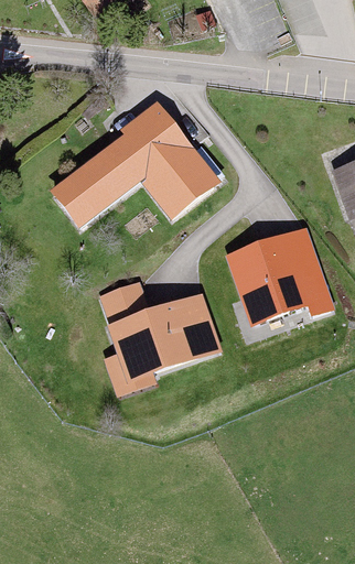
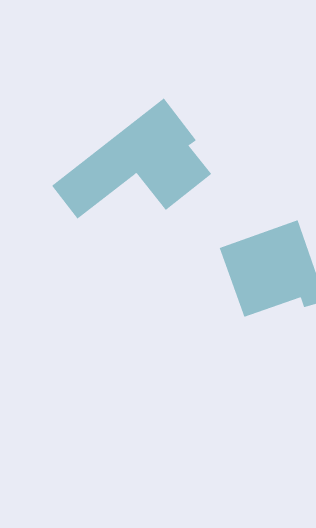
building: [98,288,211,404] -> none

